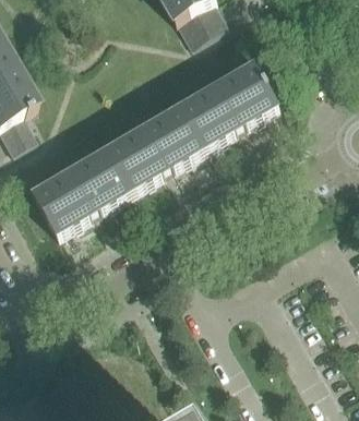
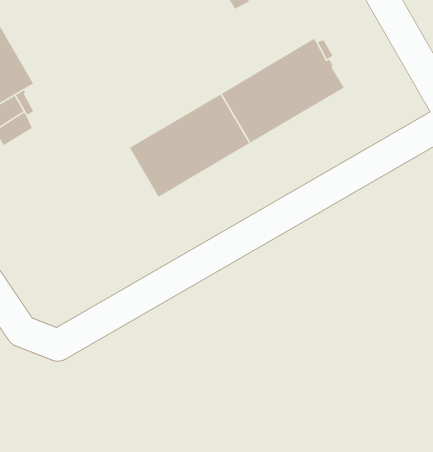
building: [35,147,131,230] -> none

